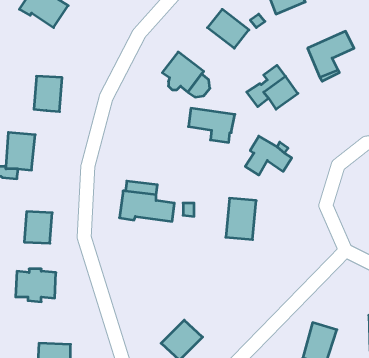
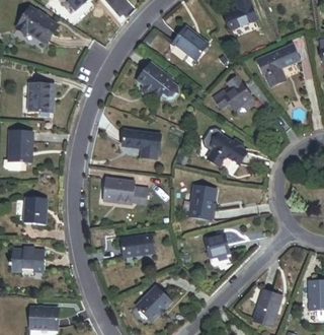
building: [188,108,235,142] -> [122,130,160,158]
building: none -> [205,233,229,257]
building: none -> [120,237,153,259]

